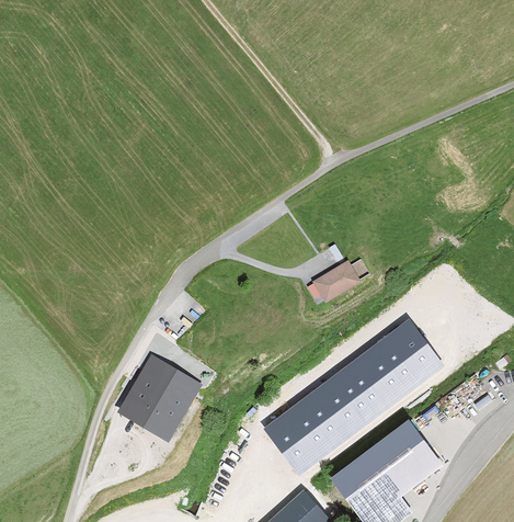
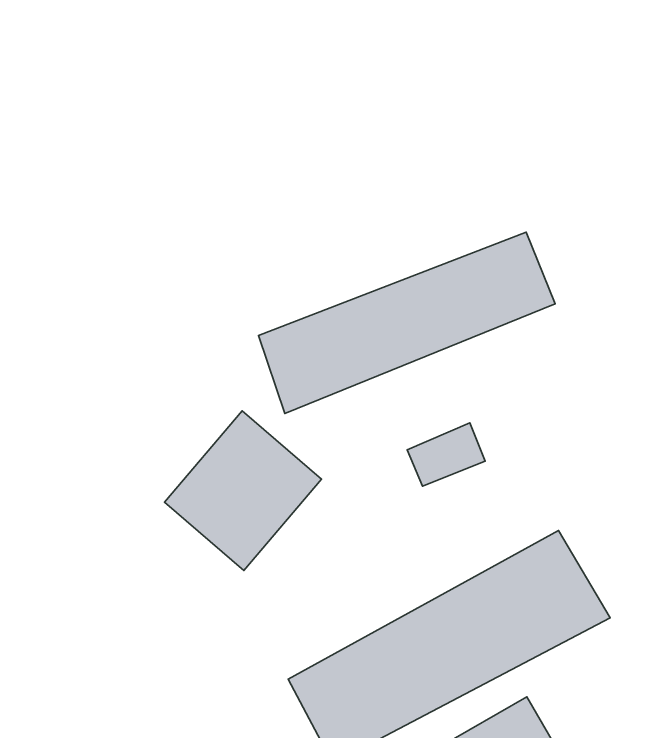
building: none -> [258,232,555,414]
building: [115,354,204,446] -> [165,411,322,571]

